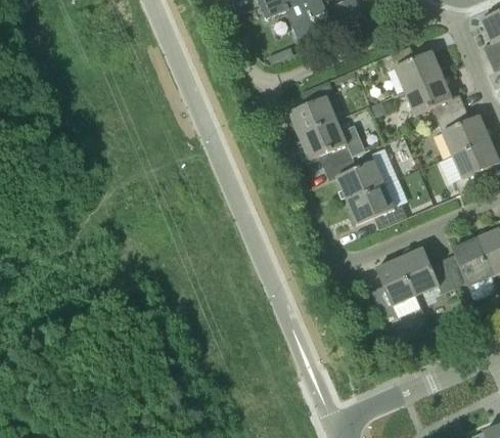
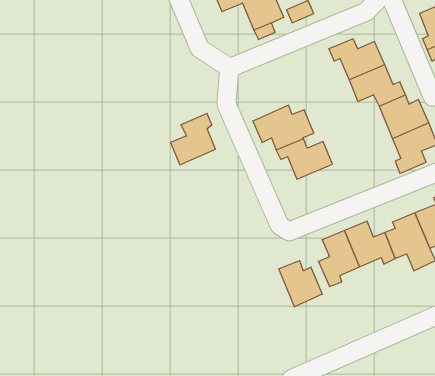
building: [288,81,337,137] -> [171,114,216,165]
building: [347,184,407,229] -> none
building: none -> [279,261,322,307]

